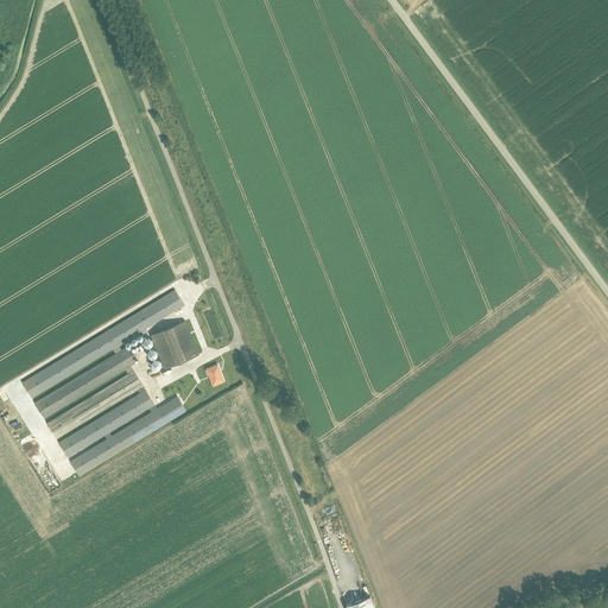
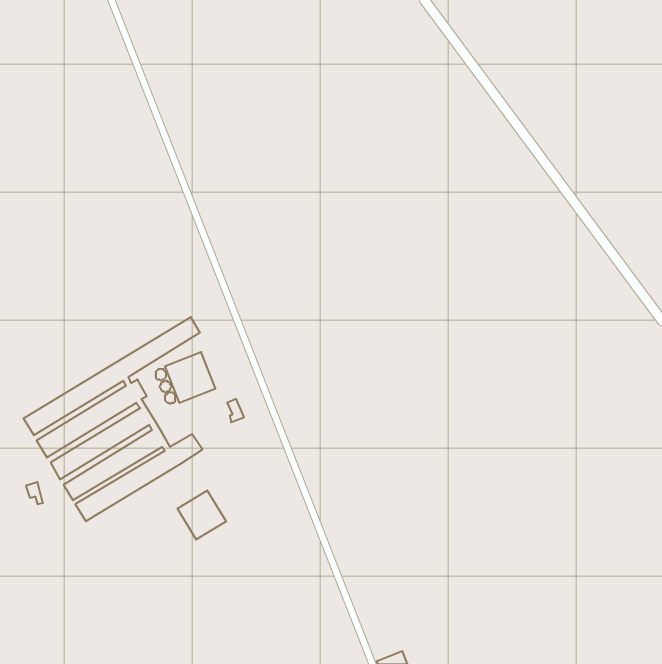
building: none -> [177,490,226,540]

